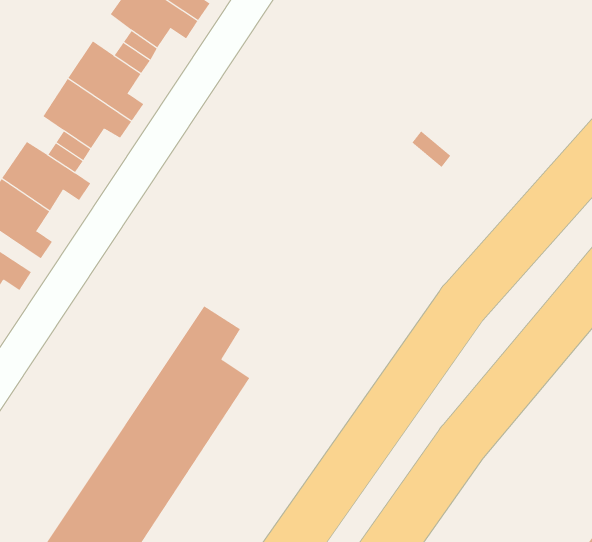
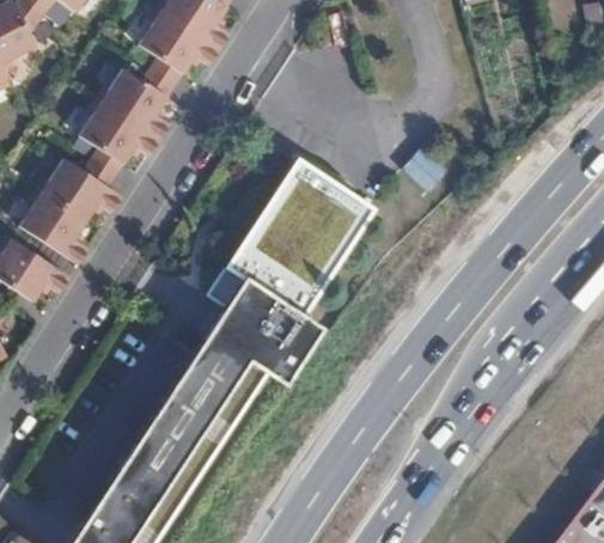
building: none -> [205,157,373,384]

